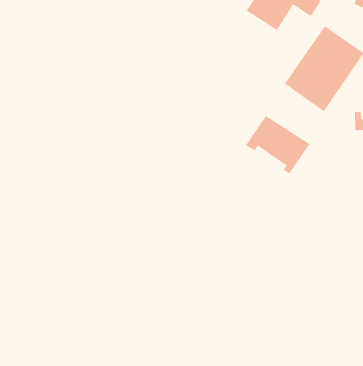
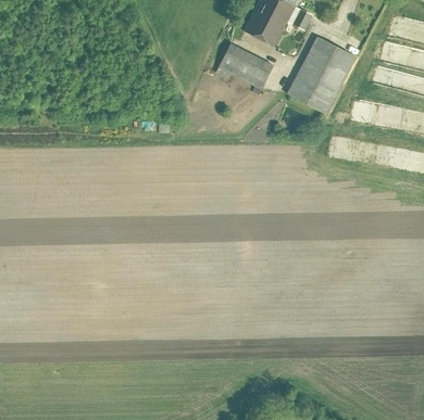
building: [245,115,310,174] -> [215,42,274,93]

